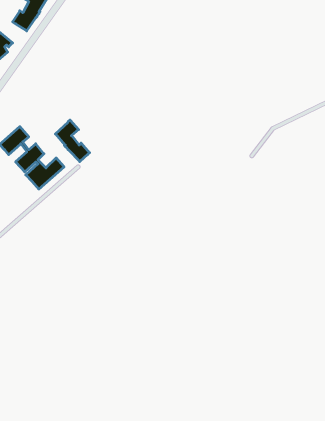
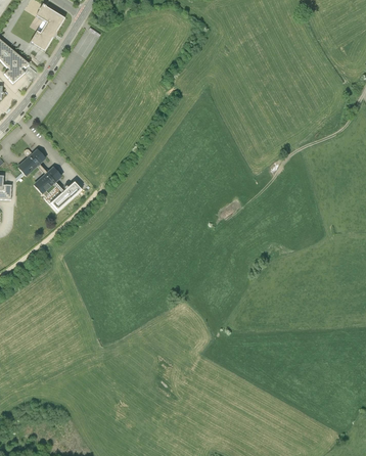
building: [55,120,90,162] -> none

